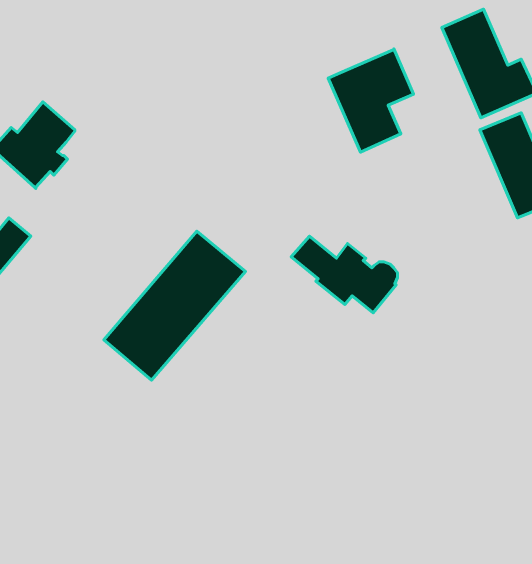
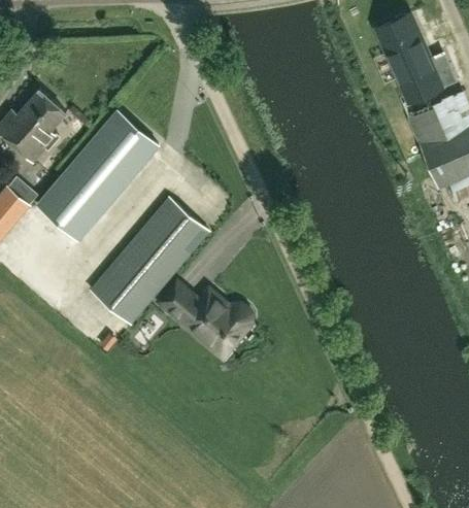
building: [328,49,414,152] -> none
building: none -> [37,111,158,240]
building: [291,236,397,313] -> [160,284,249,349]

